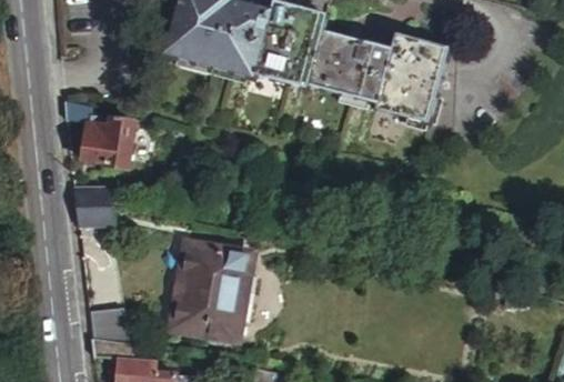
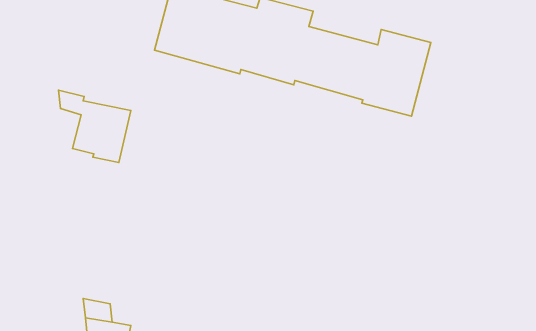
building: [74,184,122,232] -> none
building: [175,239,254,333] -> none

